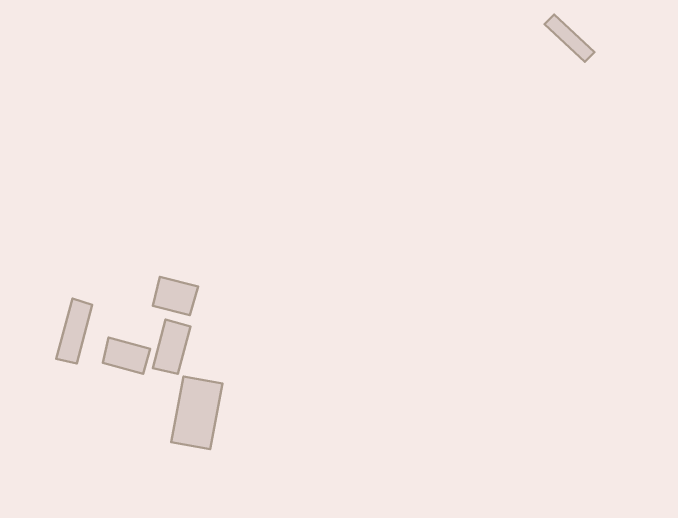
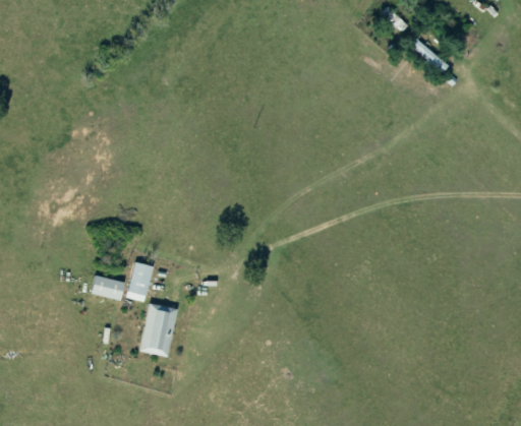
building: [153,277,198,315] -> none
building: [56,298,92,364] -> none

